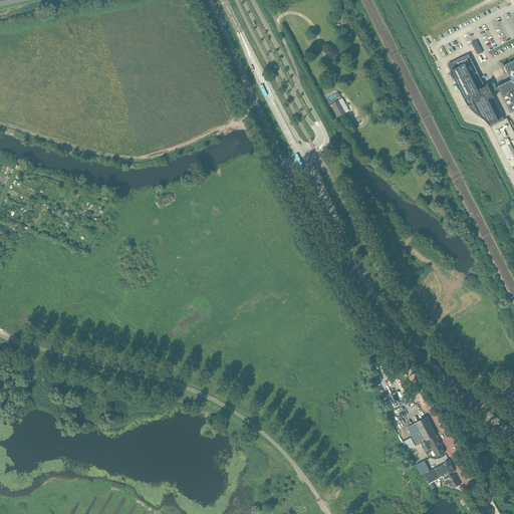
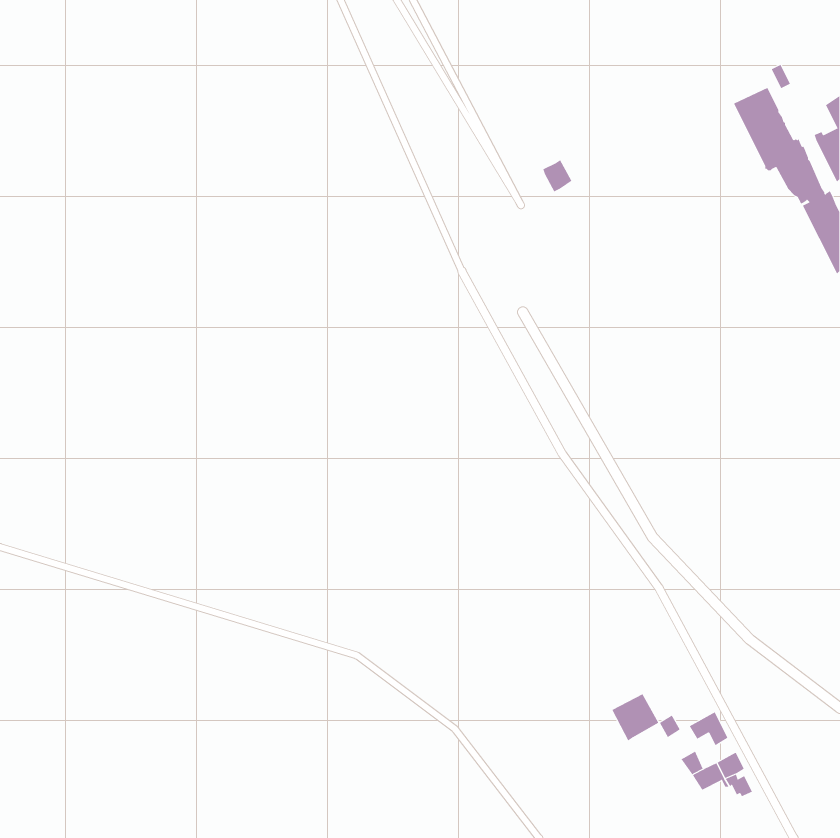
building: [408,417,437,446] -> [612,693,659,741]

